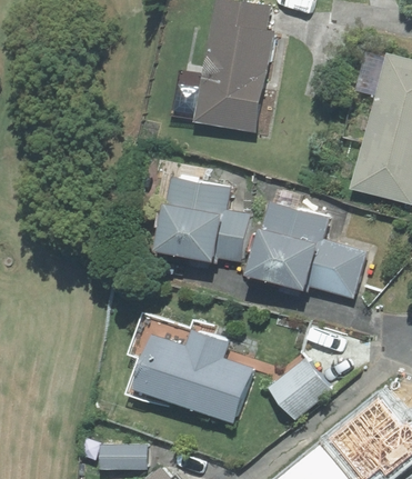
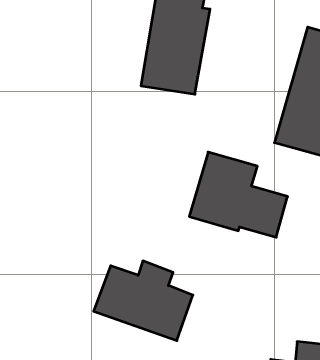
building: [155,176,248,263] -> none
building: [267,357,332,420] -> none

